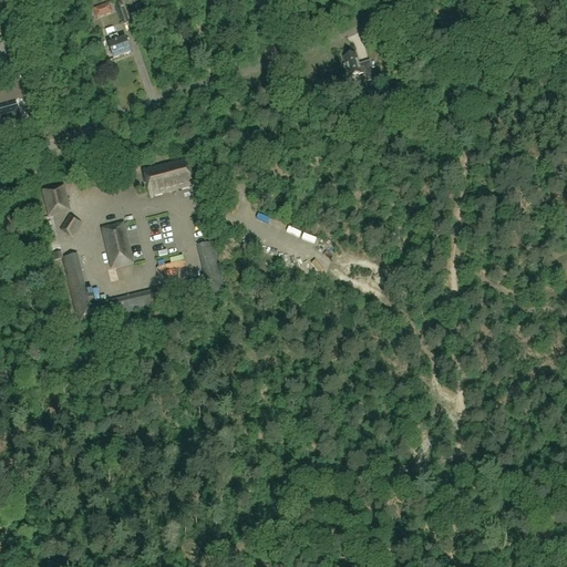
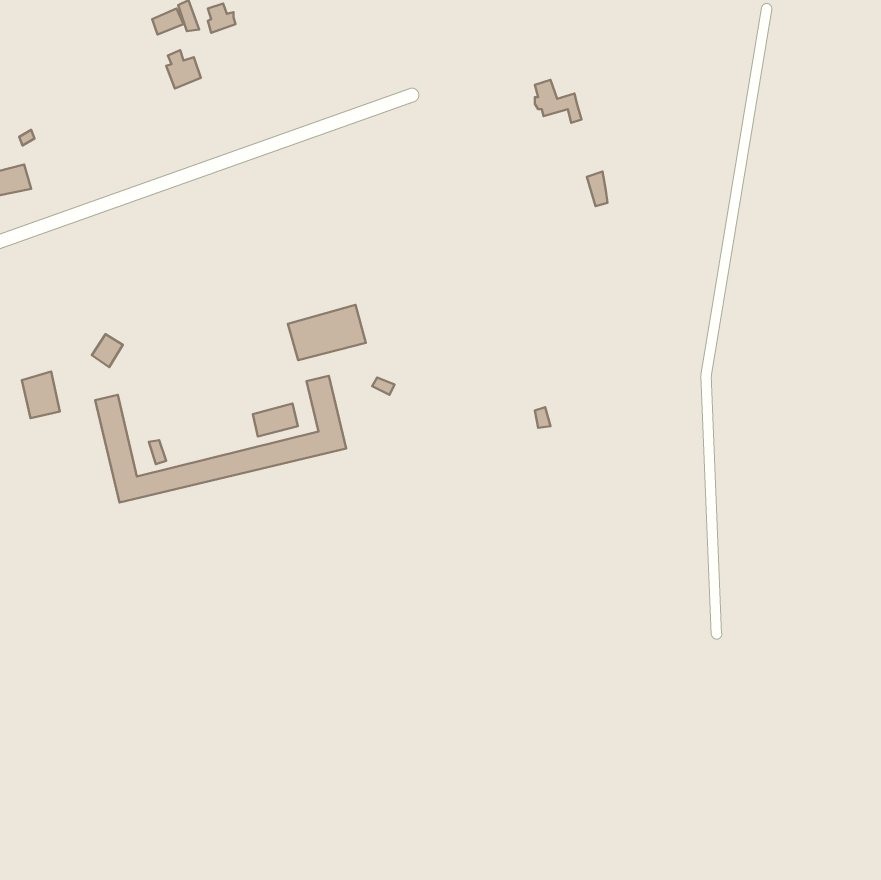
building: [142,157,192,193] -> [288,305,366,360]
building: [42,183,66,213] -> [22,372,60,418]
building: [101,221,130,265] -> none

